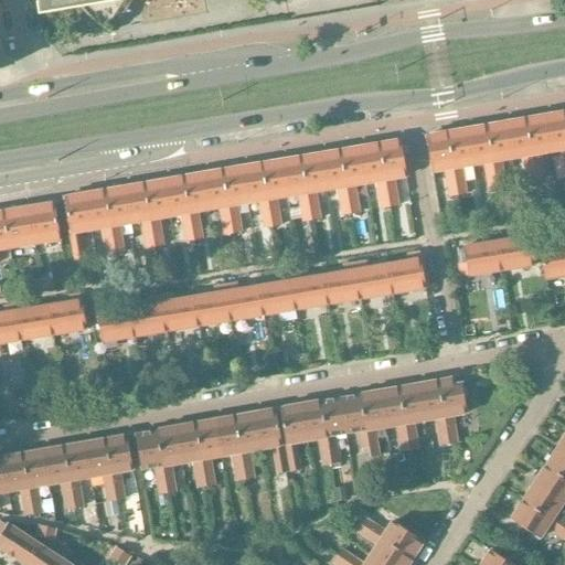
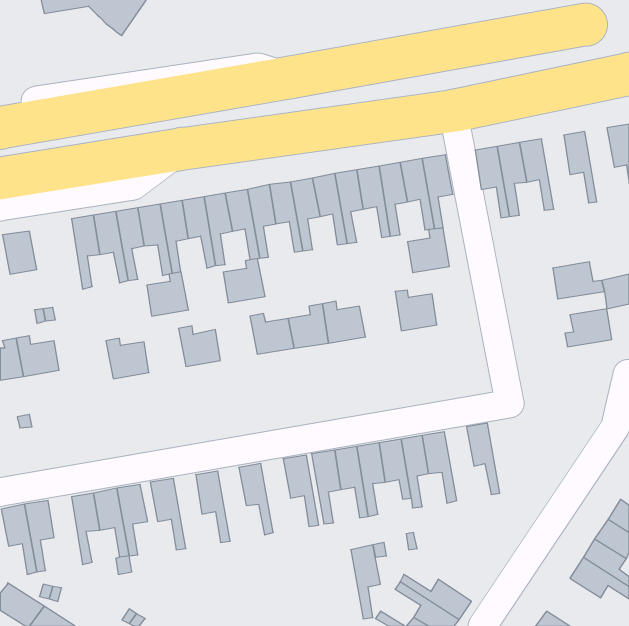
building: [524,115,551,181] -> none
building: [486,121,511,188] -> none
building: [26,202,60,242] -> none
building: [458,241,500,275] -> [565,309,612,347]
building: [387,252,425,291] -> [408,228,449,273]
building: [322,262,360,302] -> none
building: [193,284,231,323] -> [223,259,265,303]
building: [49,292,85,332] -> none
building: [129,295,167,334] -> [147,272,189,316]
building: [437,377,467,443] -> none
building: [398,383,425,449] -> none
building: [234,412,260,478] -> [351,545,380,619]
building: [195,419,221,486] -> none
building: [156,426,181,492] -> none
building: [43,446,74,508] -> none

